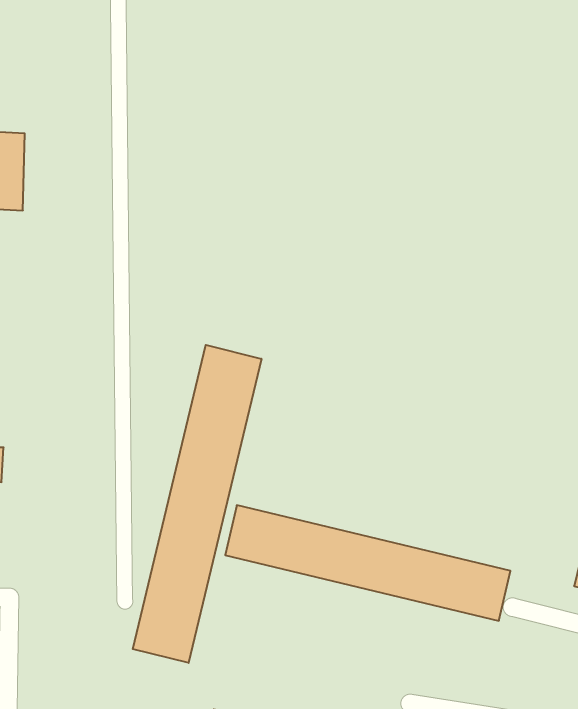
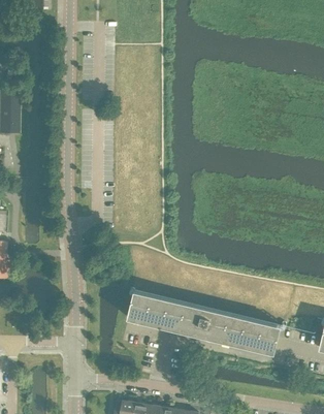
building: [133,345,261,663] -> none

